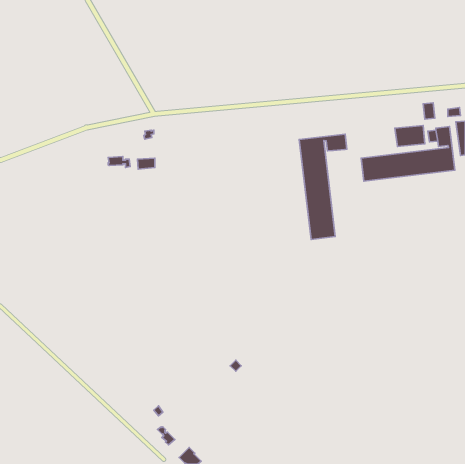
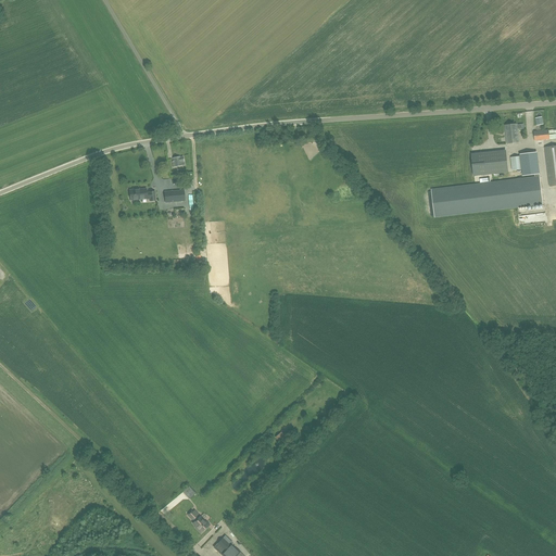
building: [299,134,347,239] -> none

